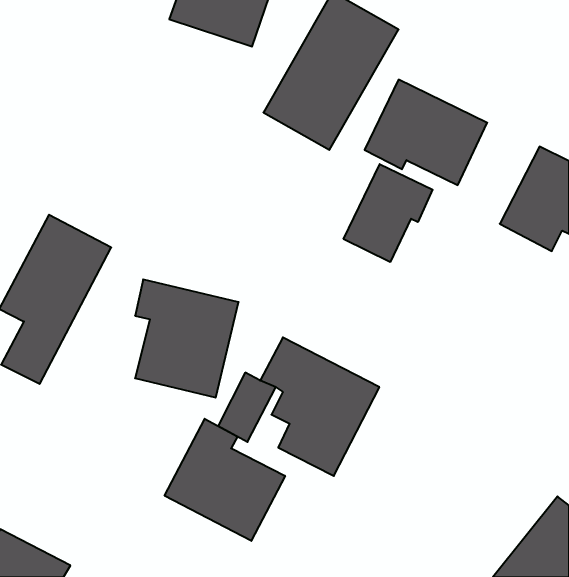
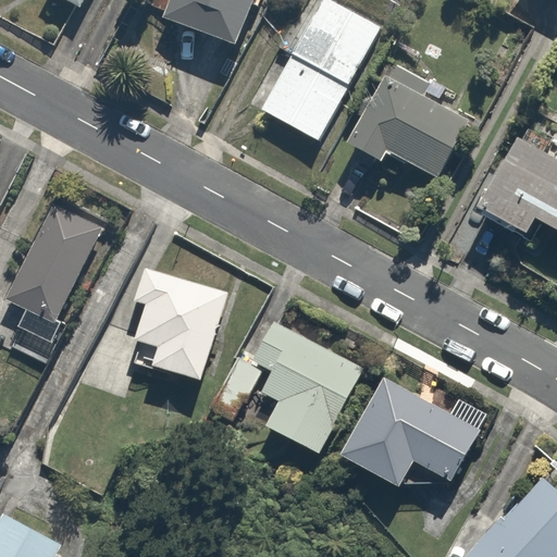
building: [344,164,433,262] -> none
building: none -> [343,374,485,490]
building: [165,419,285,541] -> none

